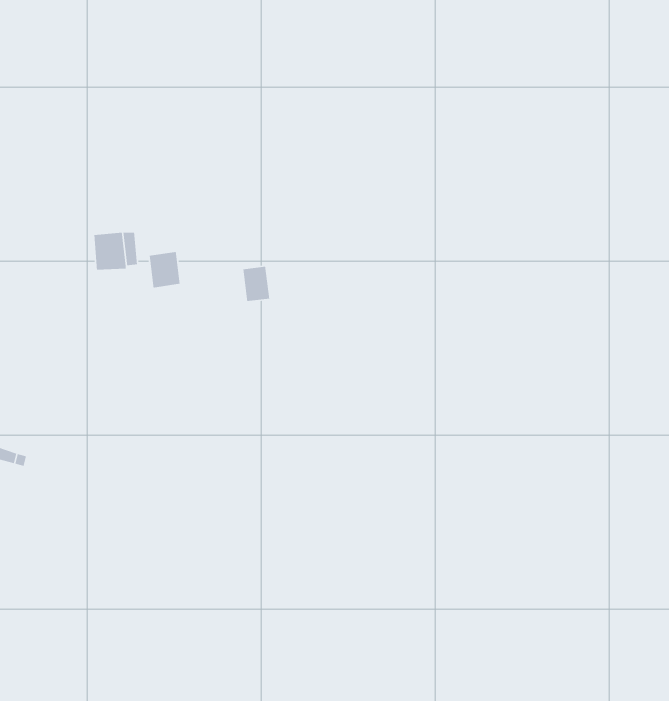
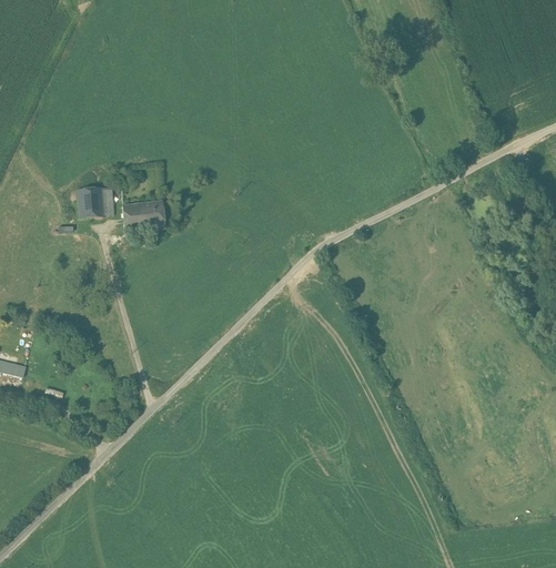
building: [242,266,270,302] -> [143,200,165,229]

